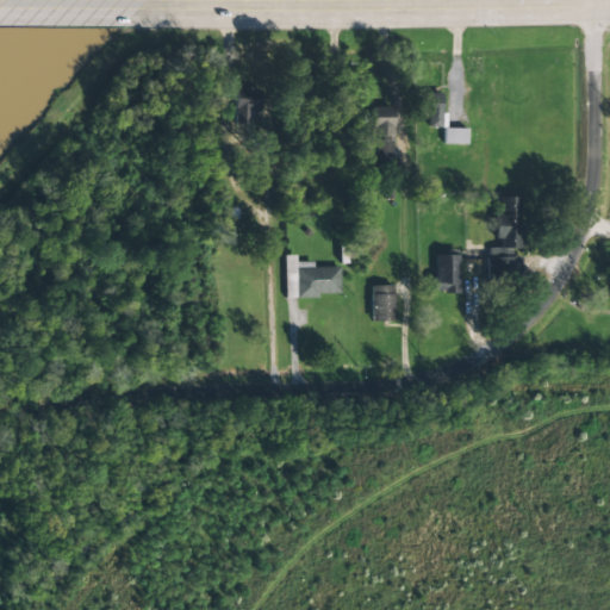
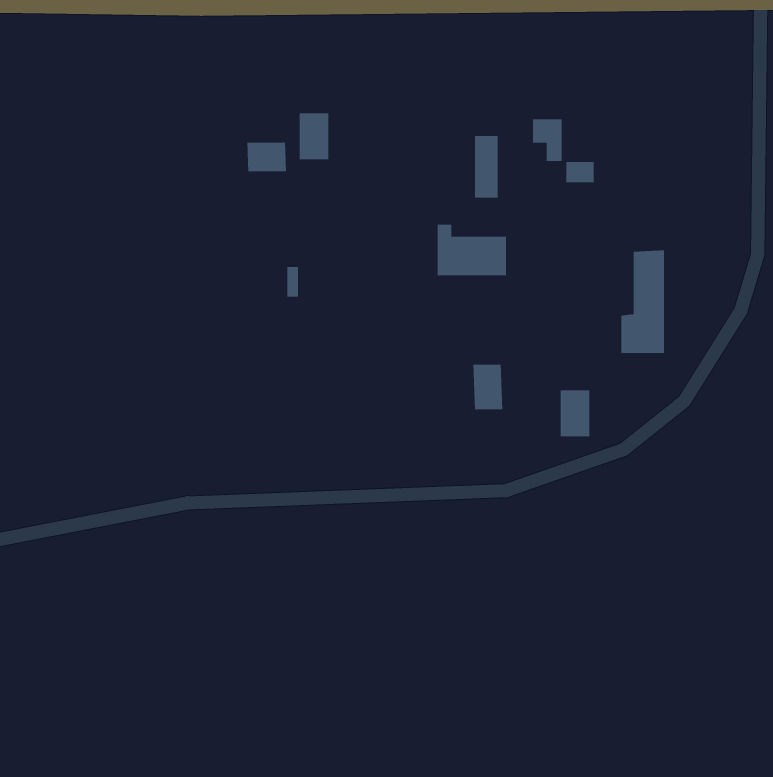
building: none -> [247,142,286,172]
building: [436,254,460,291] -> [560,390,590,437]
building: [287,255,342,295] -> [437,224,507,276]

